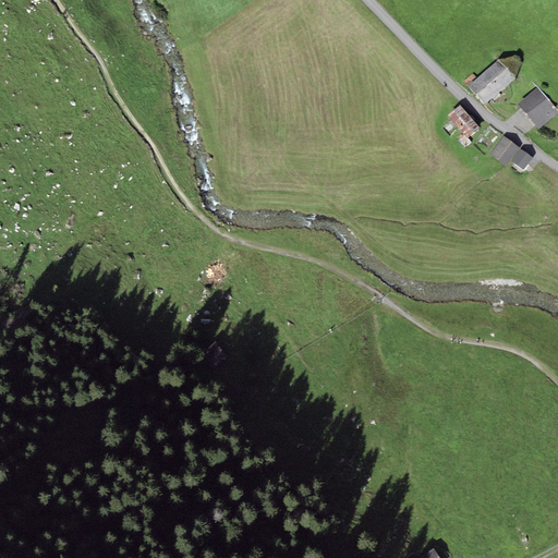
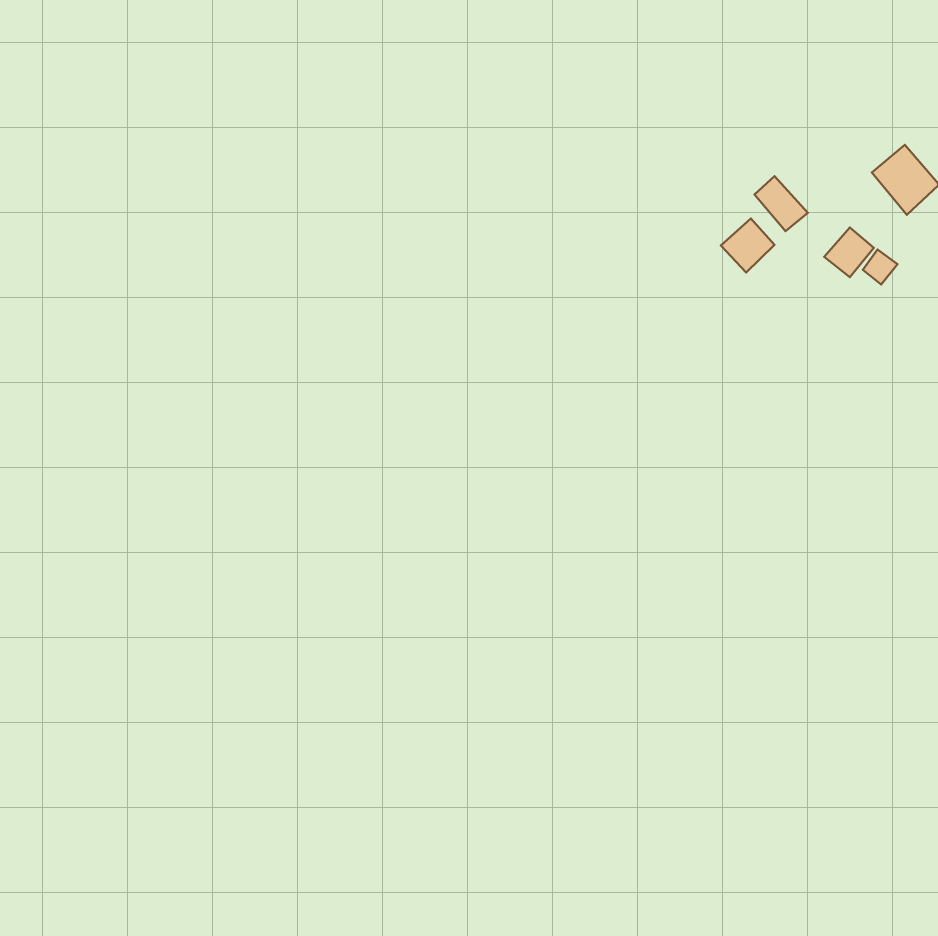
building: [470,60,514,102] -> none
building: none -> [721,219,774,272]

